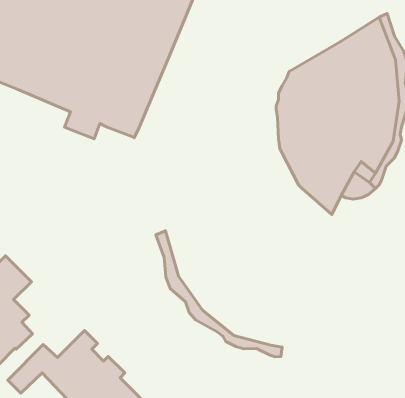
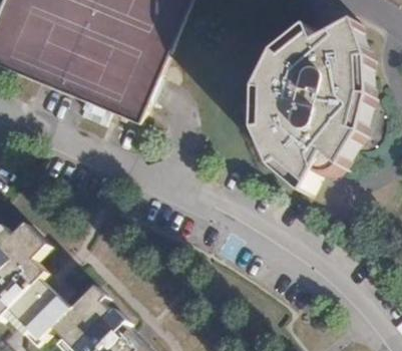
building: none -> [250,22,308,189]
building: [156,231,282,357] -> none

